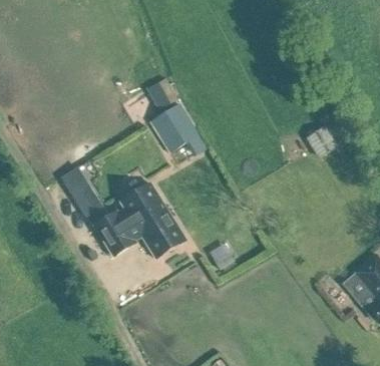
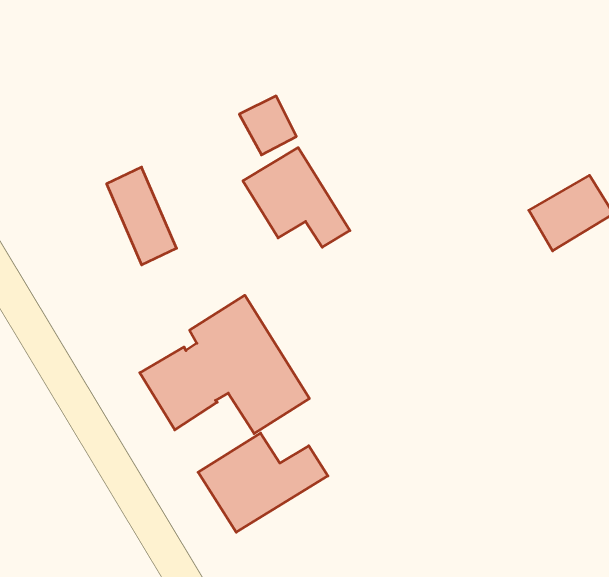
building: [62,161,100,215] -> [107,167,177,265]
building: none -> [198,433,328,532]

